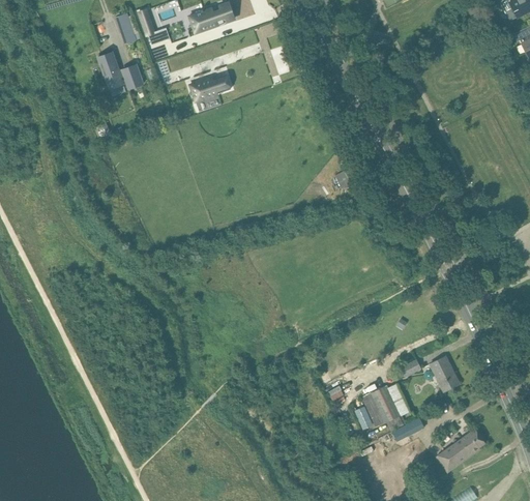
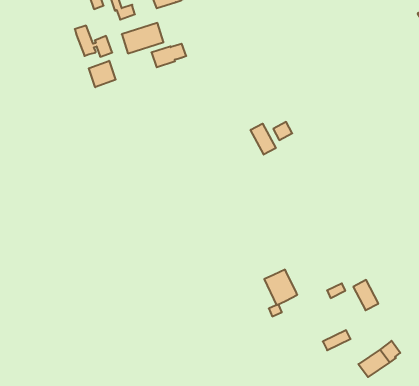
building: none -> [89,61,116,87]
building: none -> [251,124,276,155]
building: [361,385,401,428] -> [264,270,297,305]

